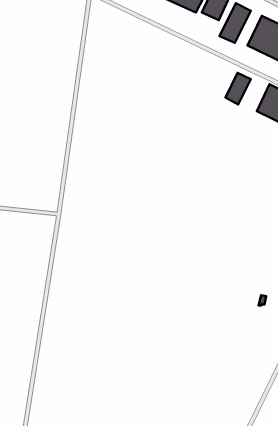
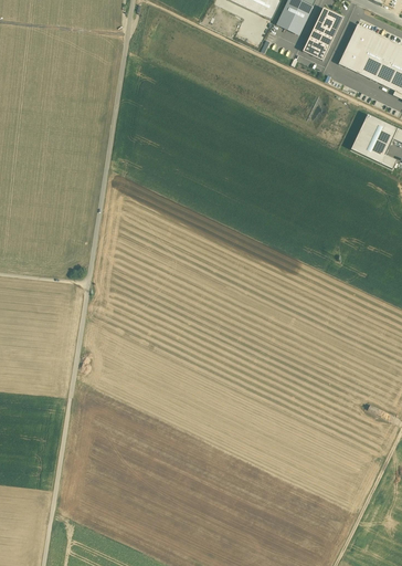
building: [226,73,251,104] -> none

